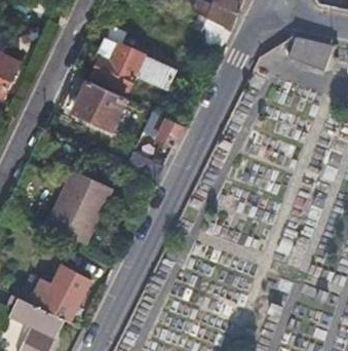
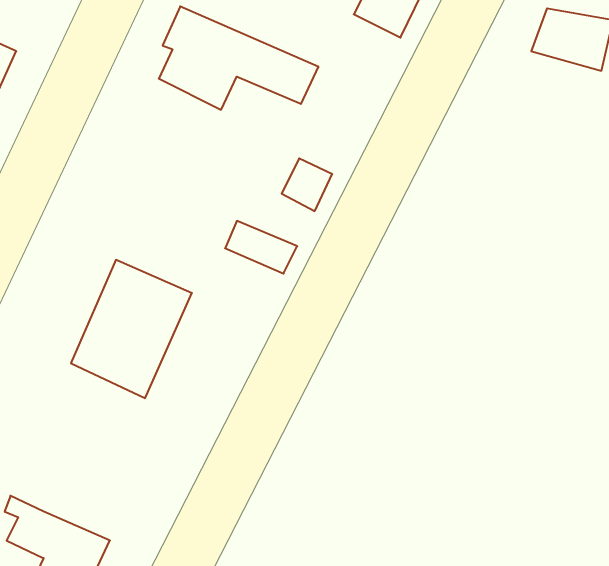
building: [74,80,126,130] -> none
building: [31,266,87,318] -> none

